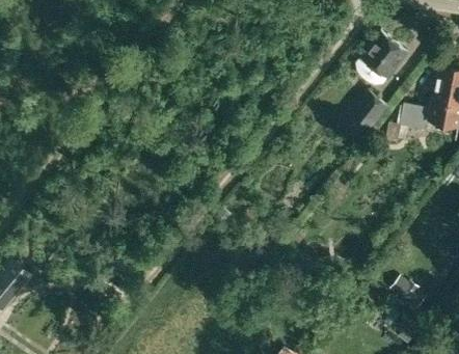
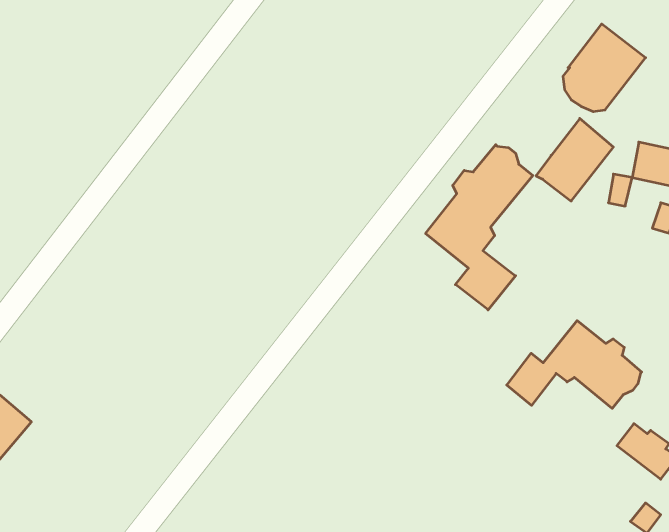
building: none -> [426,145,533,310]
building: none -> [507,321,642,408]

